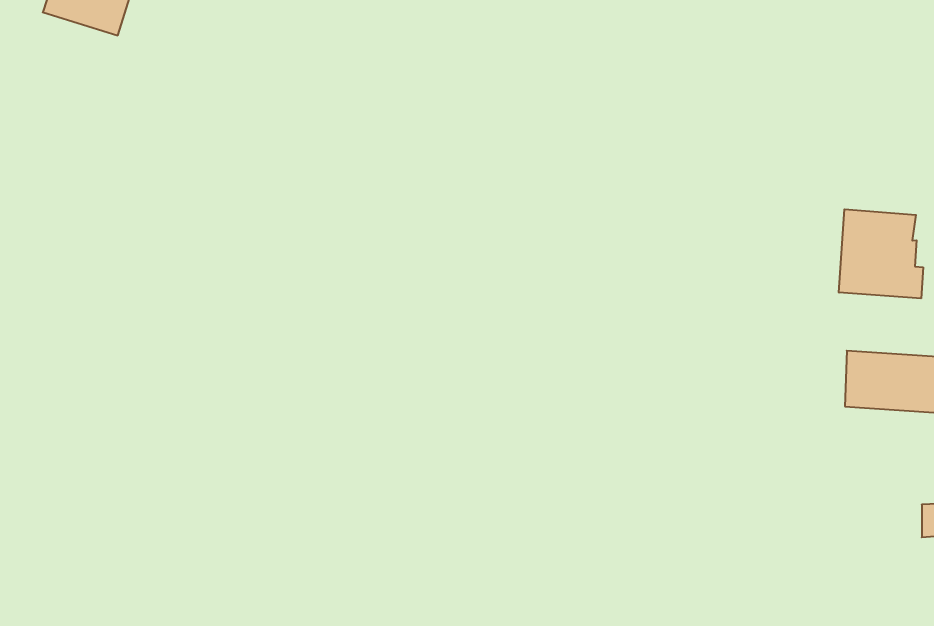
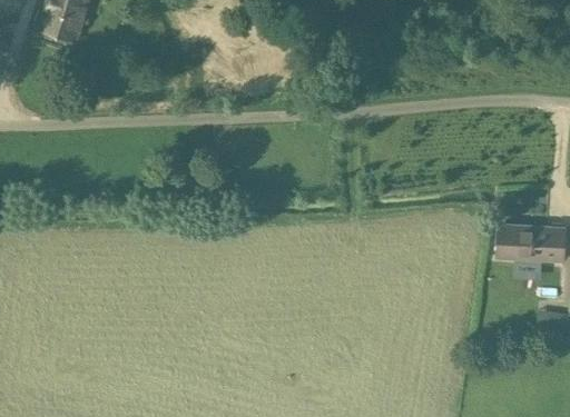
building: [839,209,923,298] -> none

